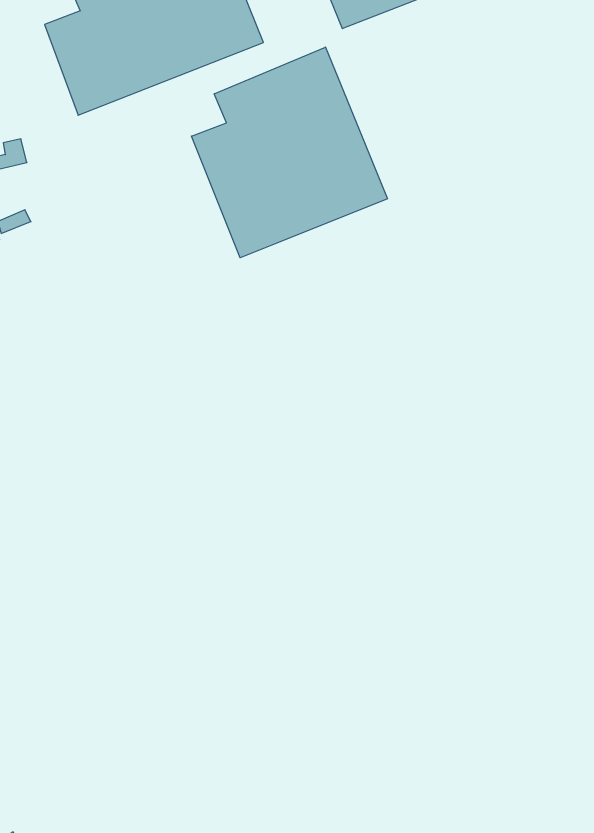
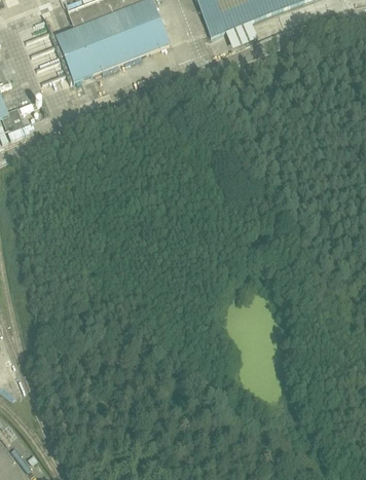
building: [191,47,388,258] -> none

